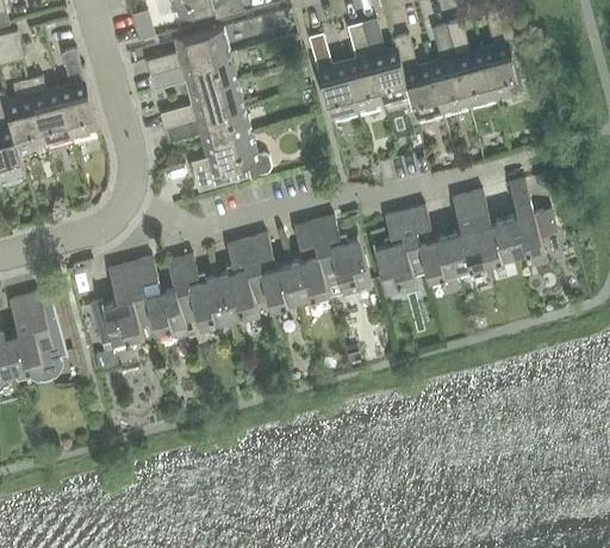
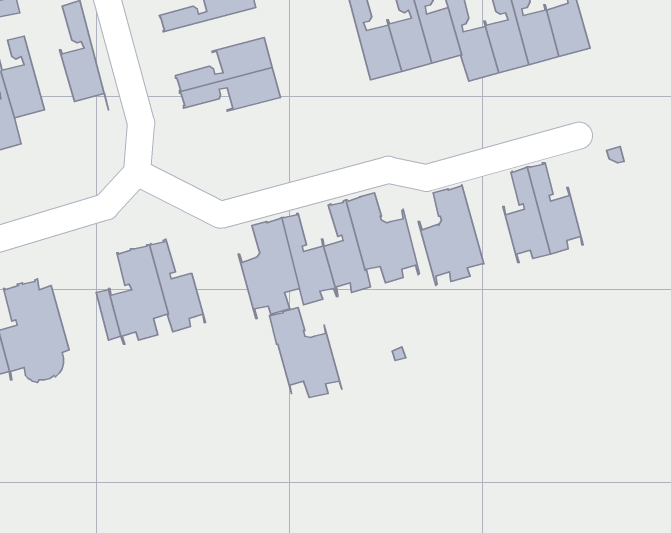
building: [148,54,236,92] -> none
building: [26,75,70,143] -> none
building: [189,132,270,191] -> none
building: [502,178,556,261] -> none
building: [409,205,458,285] -> none
building: [166,254,229,332] -> [270,307,342,397]

